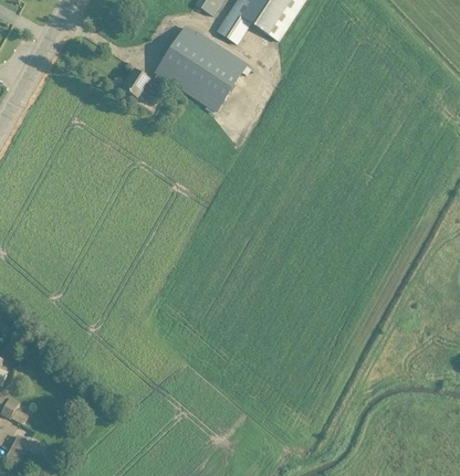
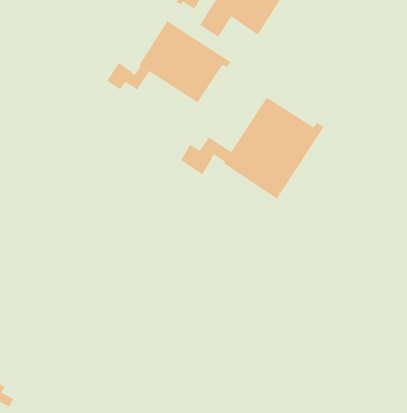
building: none -> [180,97,324,199]

